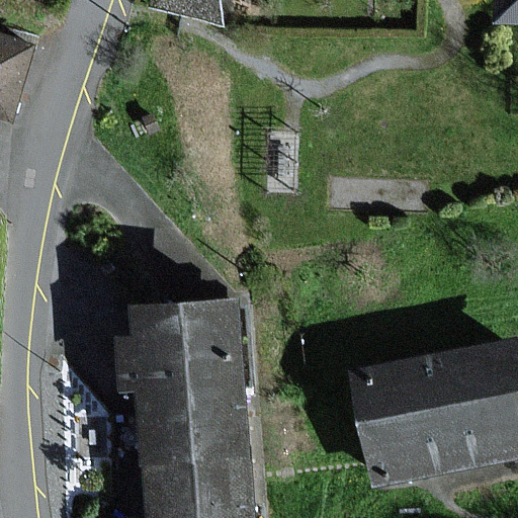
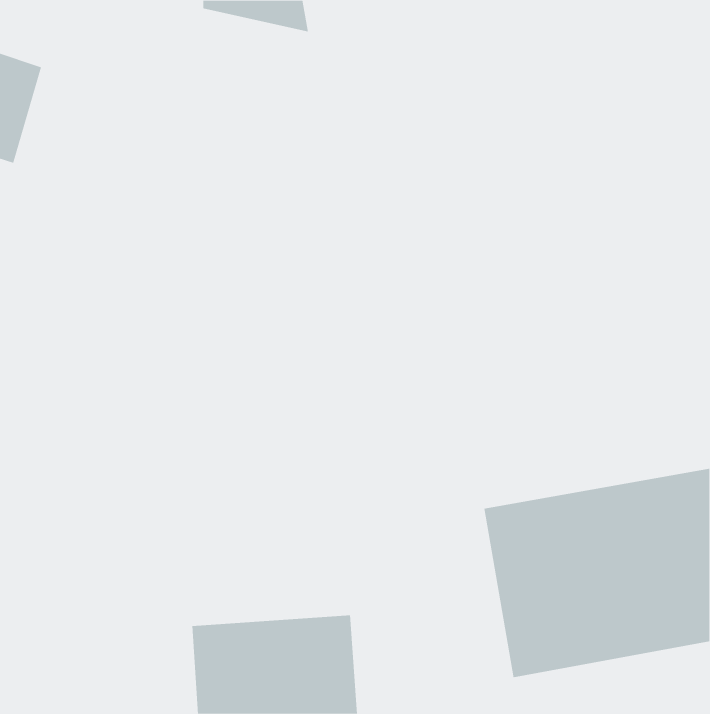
building: [126,294,254,453] -> none

